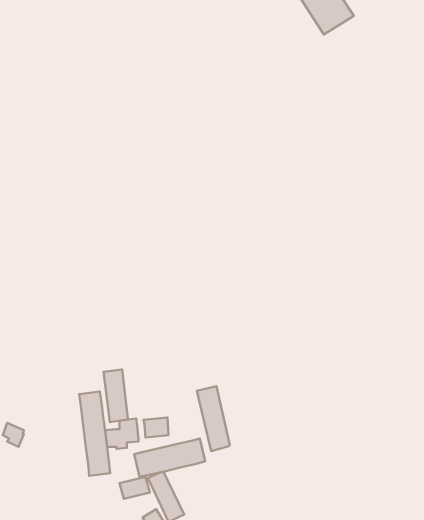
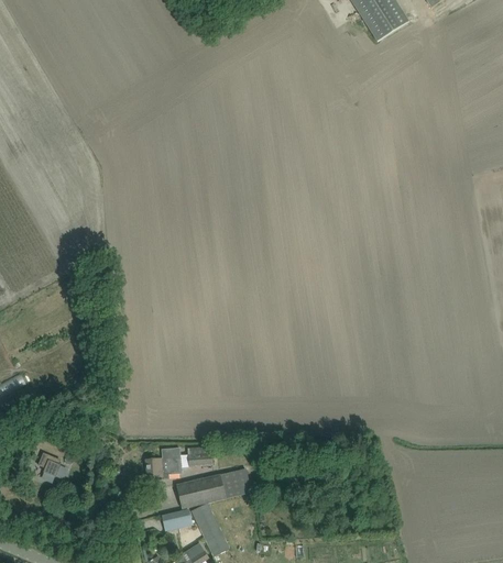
building: [104,369,128,422] -> none
building: [197,386,230,451] -> none
building: [79,391,110,476] -> none

